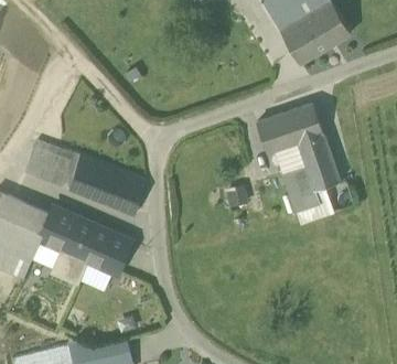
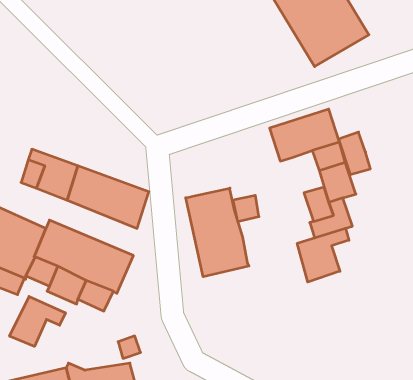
building: [279,141,309,181] -> [338,132,370,175]
building: none -> [186,188,249,277]
building: none -> [297,228,349,282]
building: none -> [10,296,65,346]

